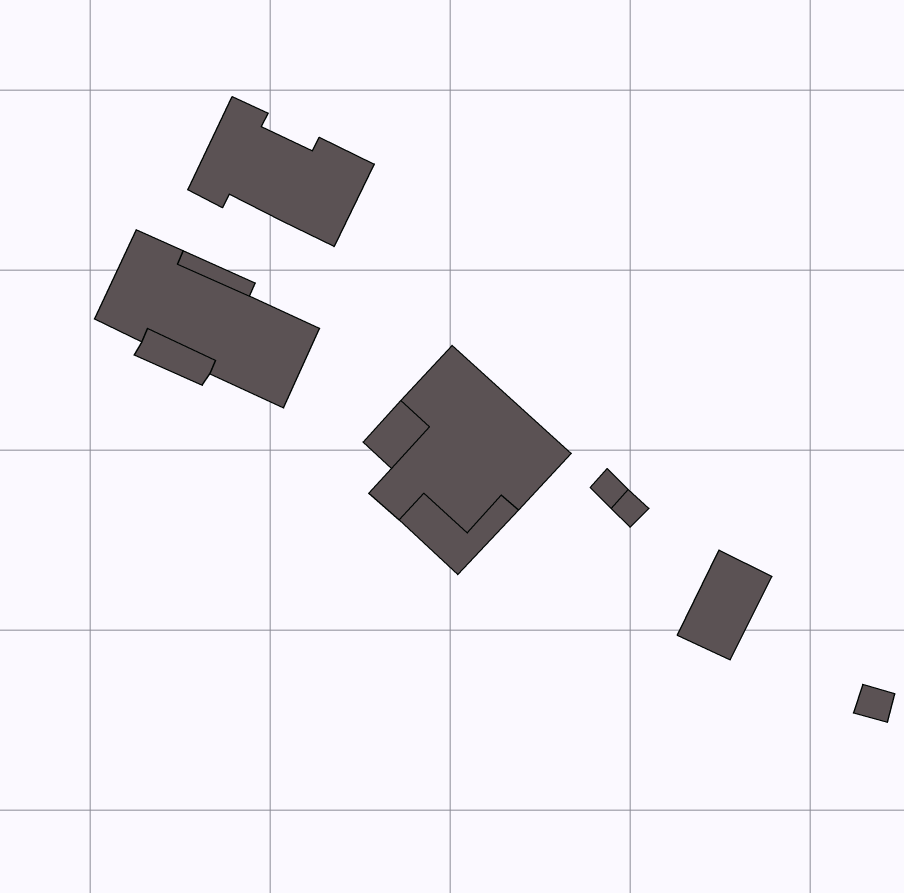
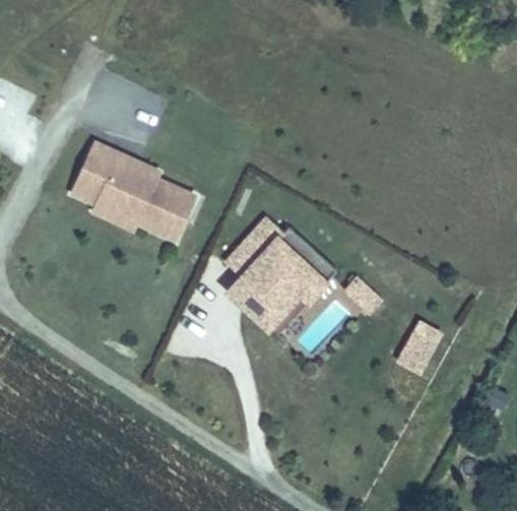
building: [188,97,374,247] -> none

